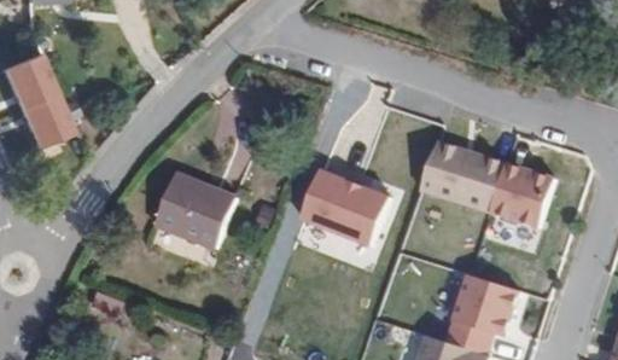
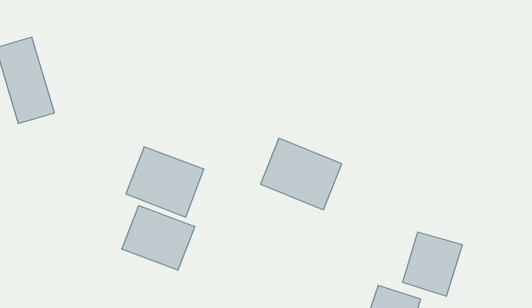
building: [424,141,554,227] -> none
building: none -> [122,206,195,270]

